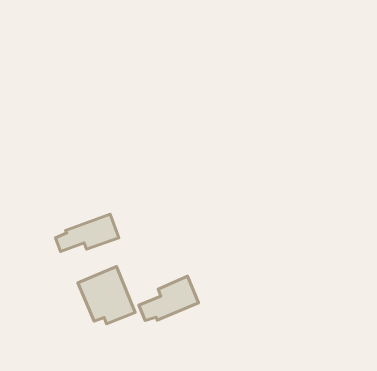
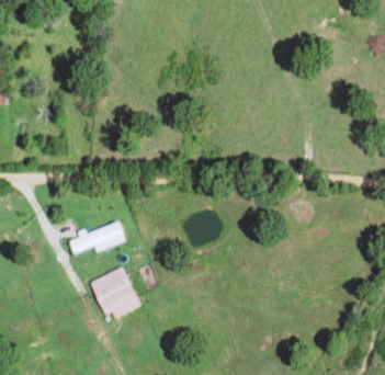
building: [139,276,199,321] -> none

